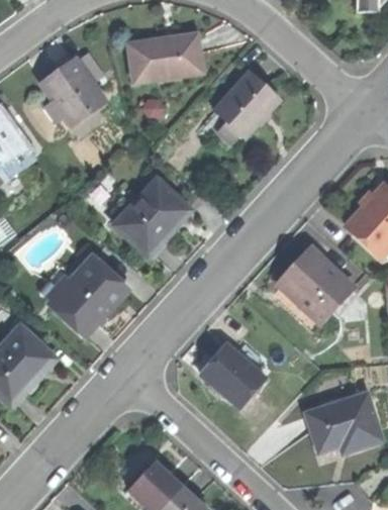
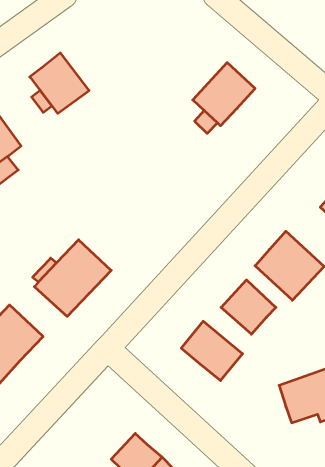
building: [128,35,202,82] -> none
building: [114,179,187,256] -> none
building: none -> [221,280,276,334]

